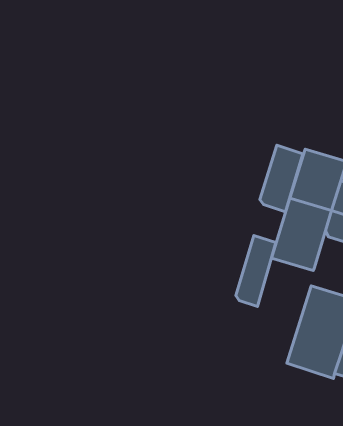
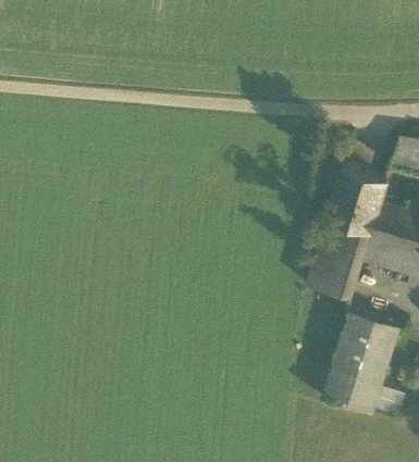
building: [260,145,303,212] -> none
building: [236,236,276,306] -> none

